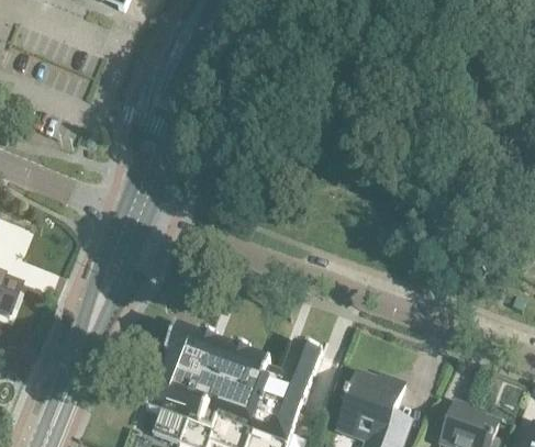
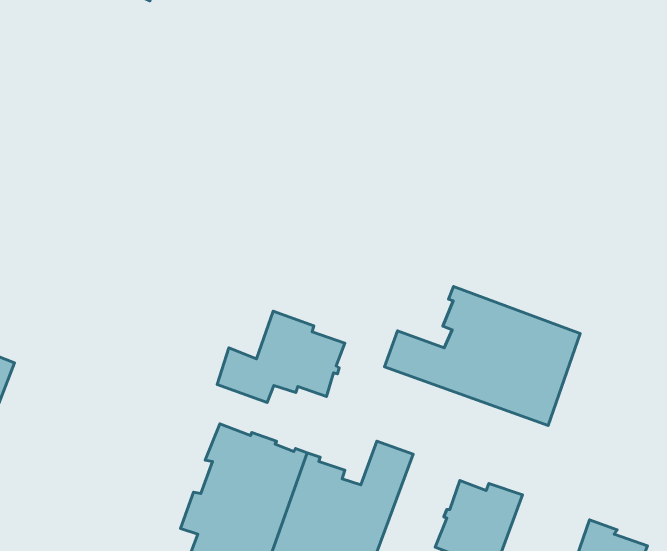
building: none -> [384,286,580,425]
building: none -> [217,311,345,402]

